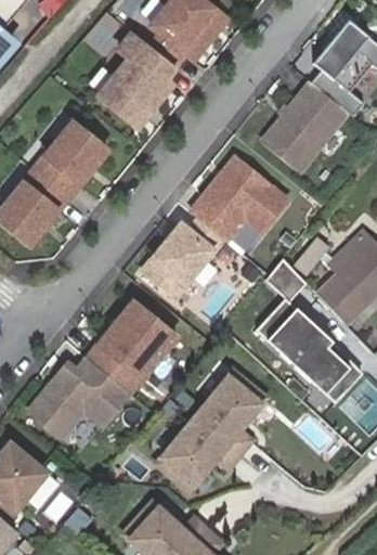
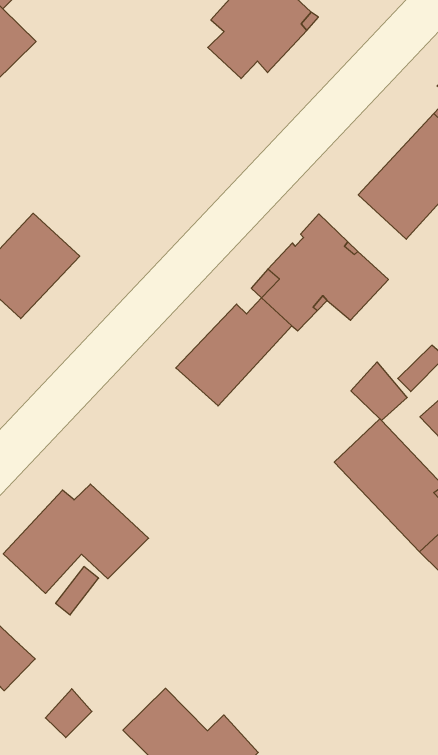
building: [100,30,176,125] -> none
building: [34,121,106,196] -> none
building: [86,300,174,392] -> none
building: [156,369,266,489] -> none

